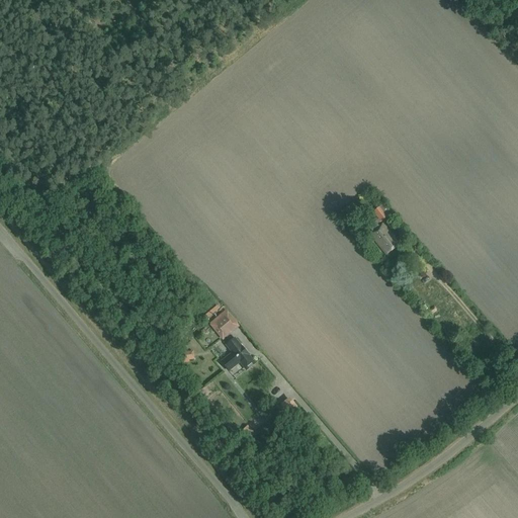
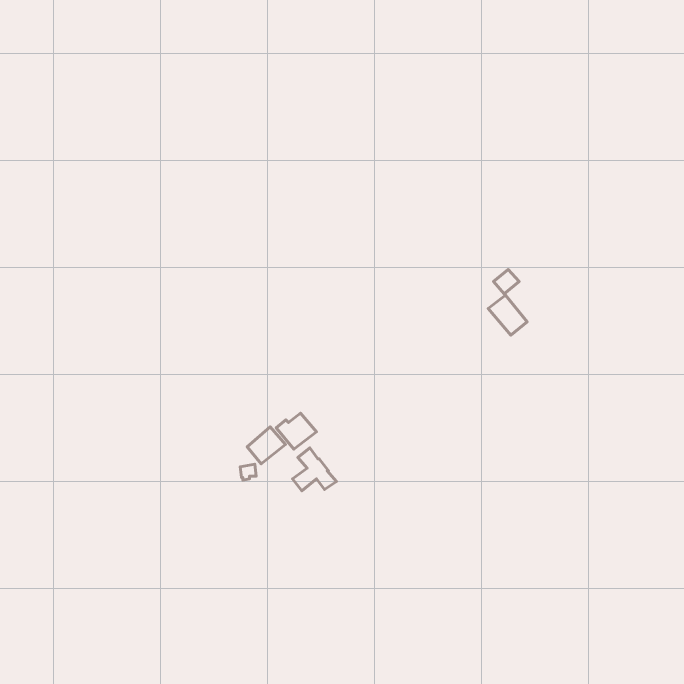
building: none -> [247,427,285,464]

